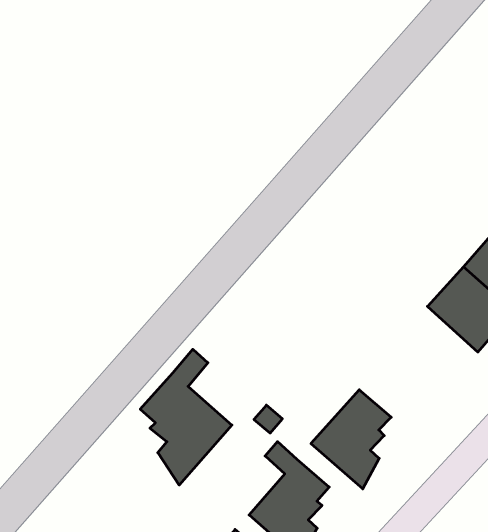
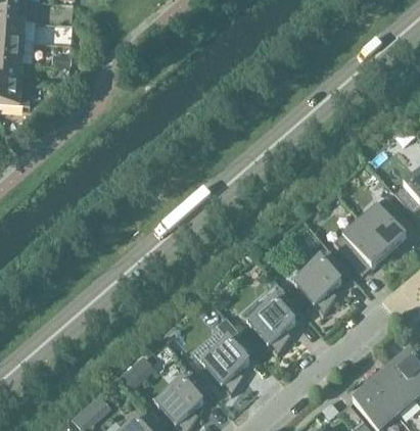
building: none -> [291,249,345,314]
building: [140,349,232,485] -> none

